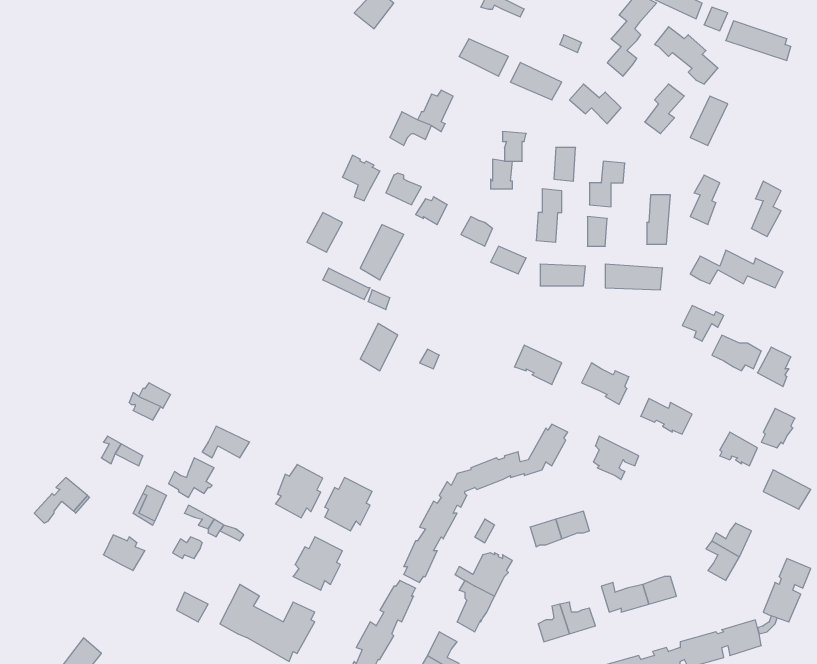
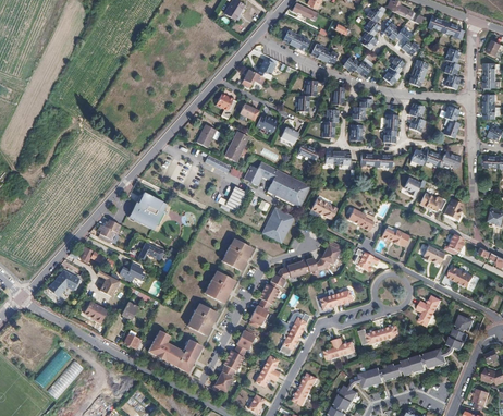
building: none -> [442,47,459,89]
building: none -> [244,160,310,206]
building: none -> [127,192,167,228]
building: none -> [261,206,294,242]
building: [275,464,323,518] -> [222,237,248,267]

